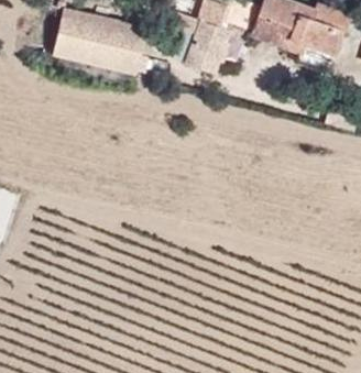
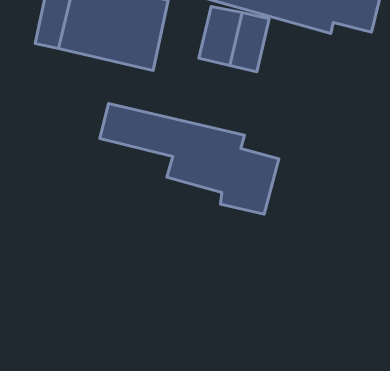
building: none -> [100,104,279,214]

